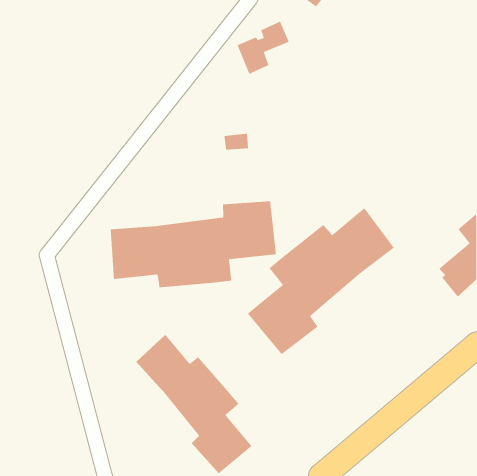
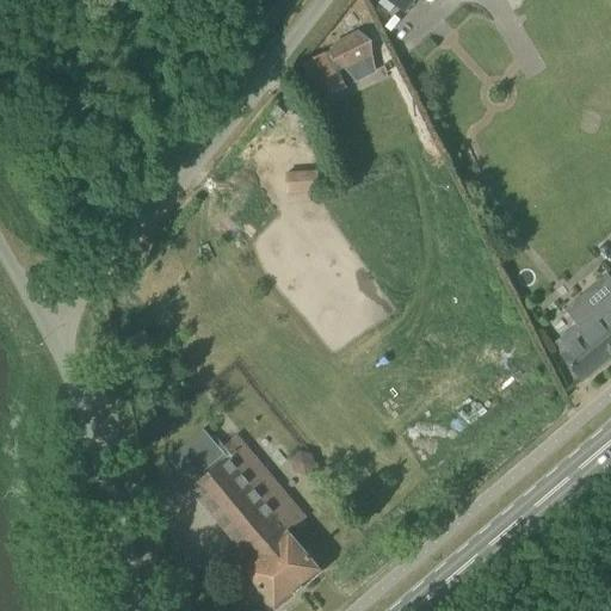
building: [110,200,277,288] -> none
building: [247,207,395,355] -> none

